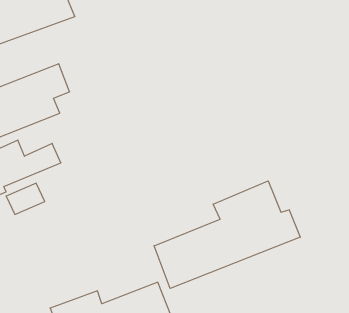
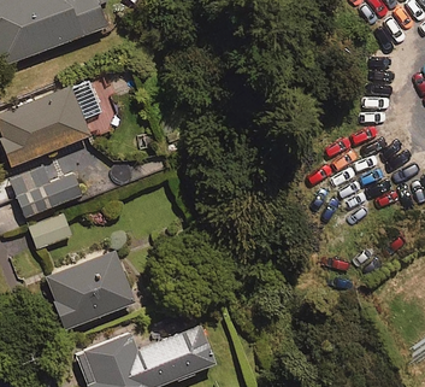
building: [154,181,300,288] -> none
building: none -> [46,250,135,328]

